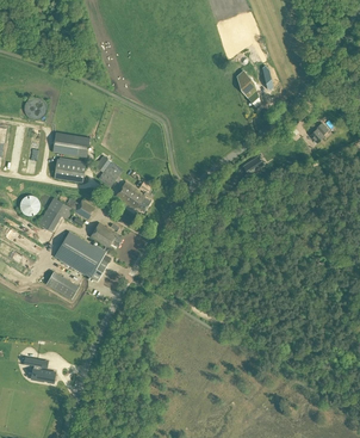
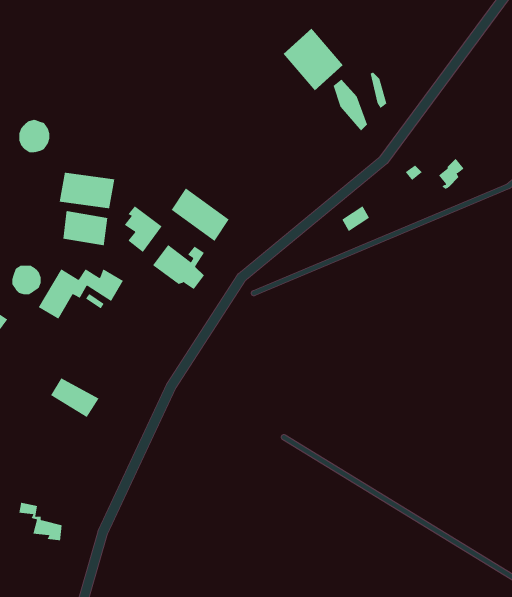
building: none -> [283,28,343,91]
building: none -> [171,187,229,242]
building: [55,222,123,280] -> none

